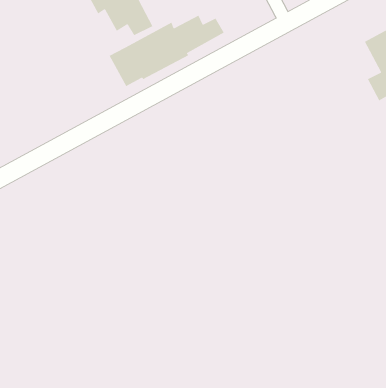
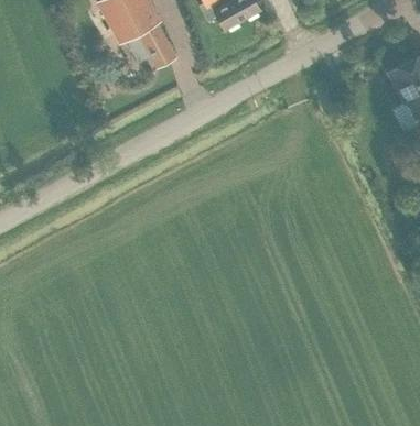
building: [109,14,225,87] -> none

